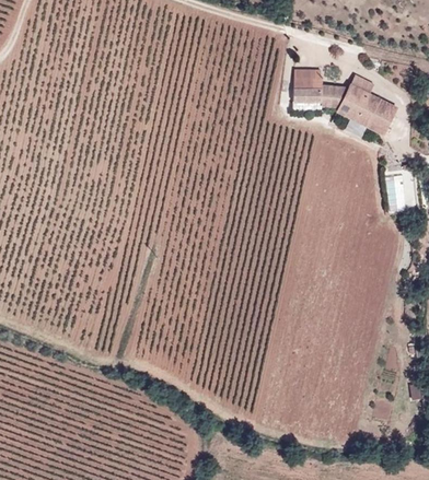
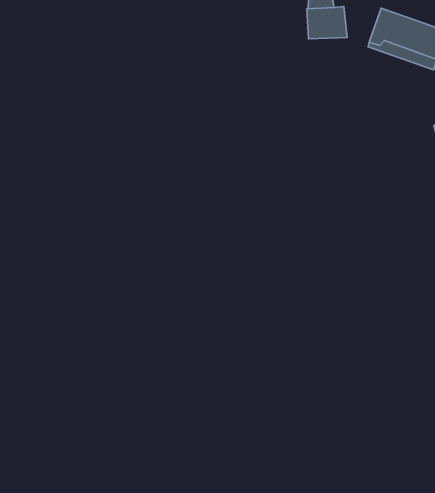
building: [331,80,355,108] -> none

